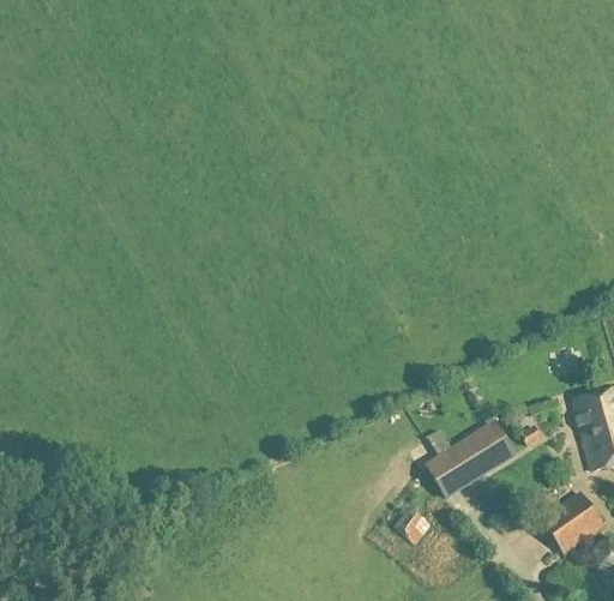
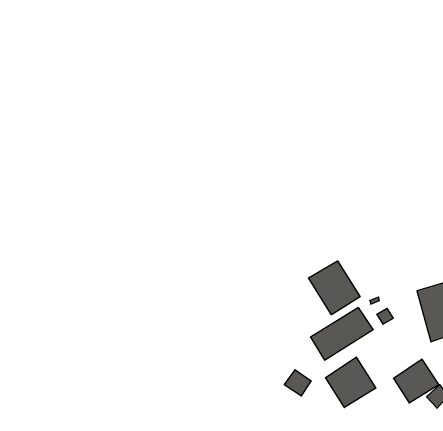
building: none -> [309,261,360,315]
building: none -> [325,357,376,408]

